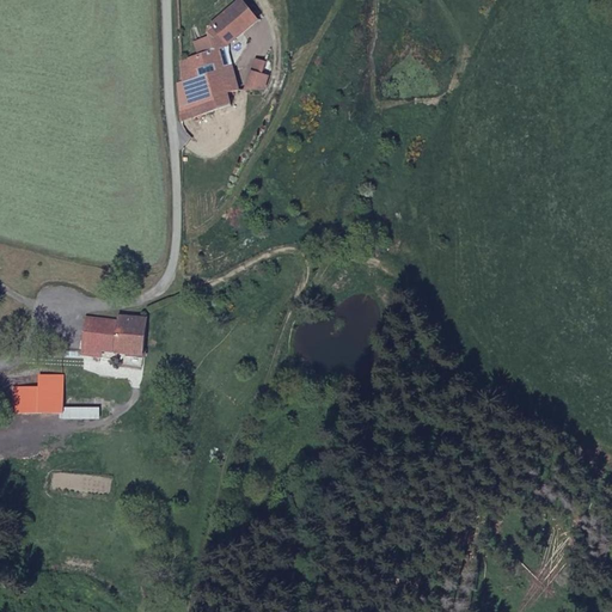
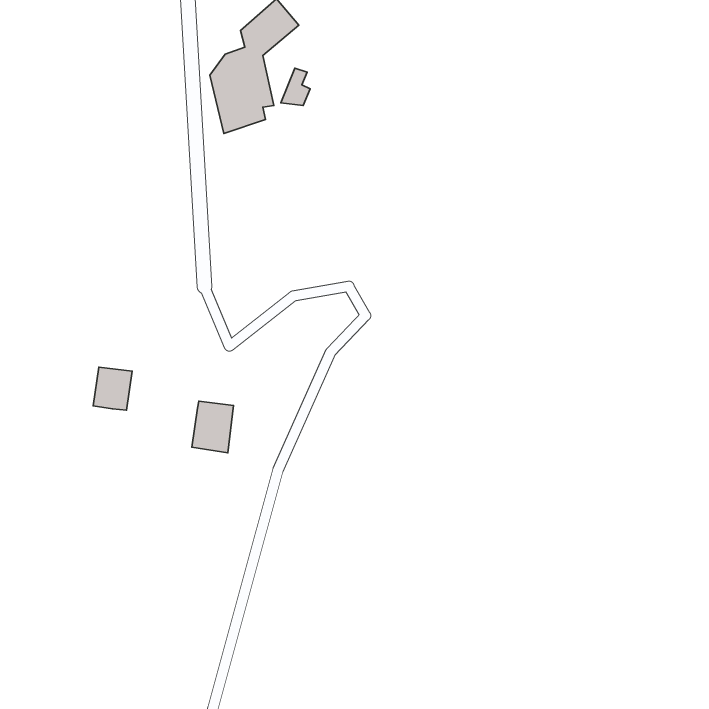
building: [109,313,145,357] -> [192,401,234,453]
building: [11,373,62,412] -> none

